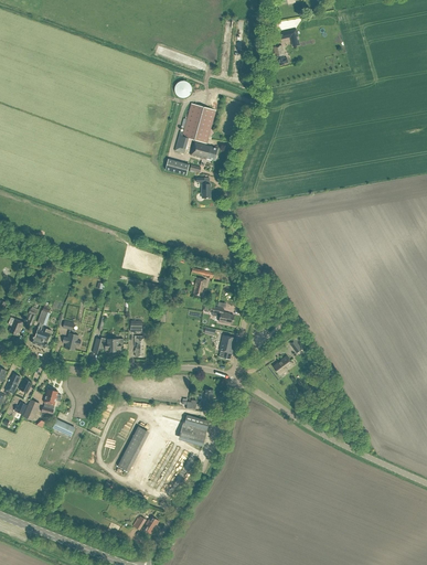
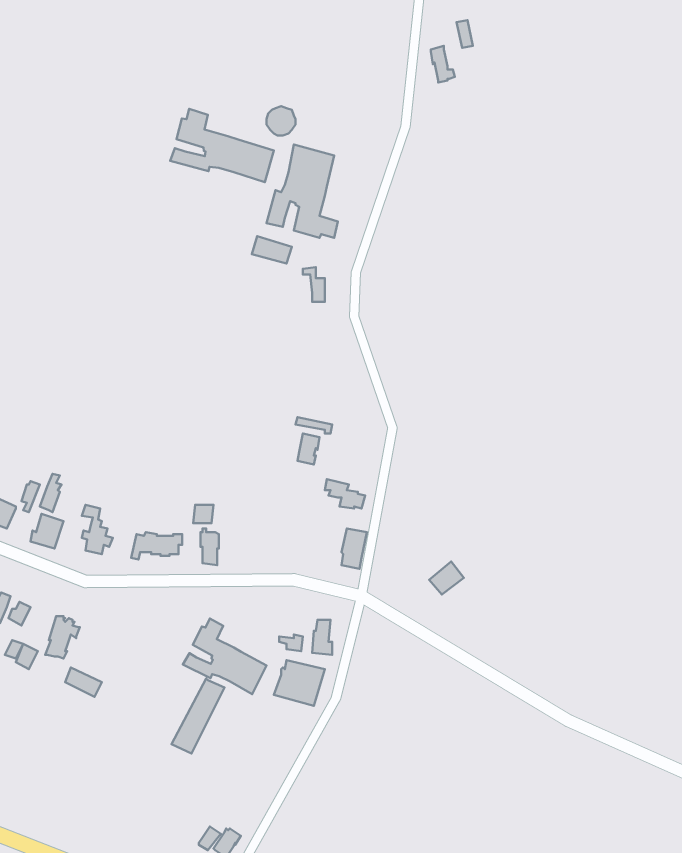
building: none -> [170,109,274,182]
building: none -> [183,618,266,694]

